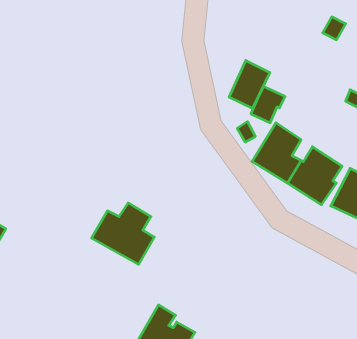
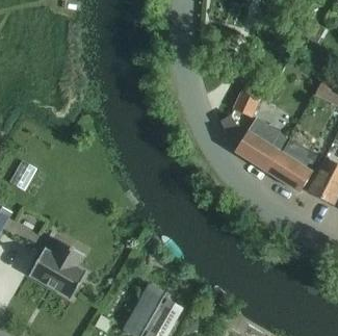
building: [229,60,270,109] -> none
building: [92,203,154,264] -> [29,241,86,298]

